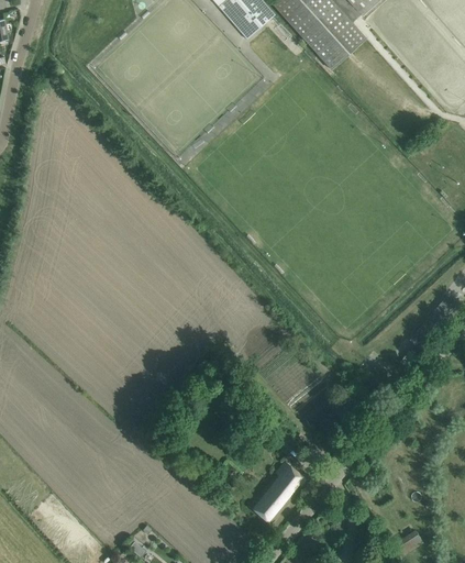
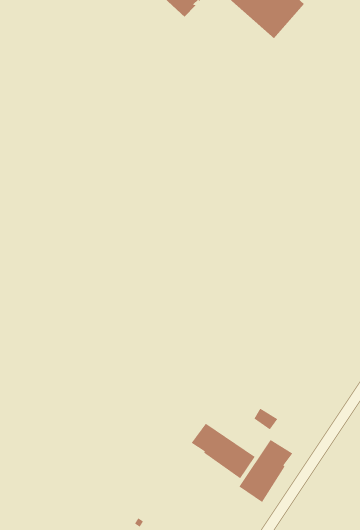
building: none -> [191,423,256,479]

